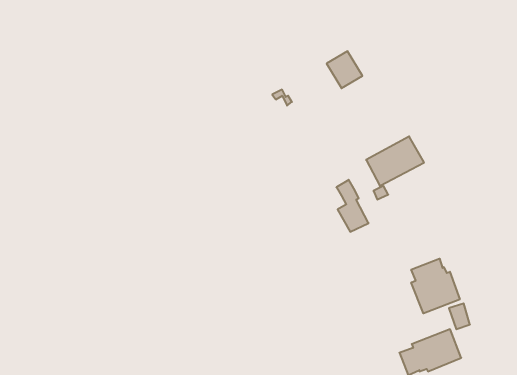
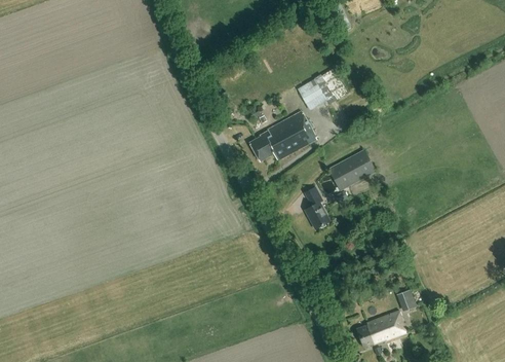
building: none -> [249,110,317,160]
building: [411,259,460,313] -> none

